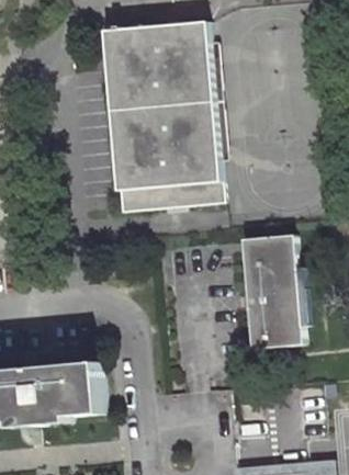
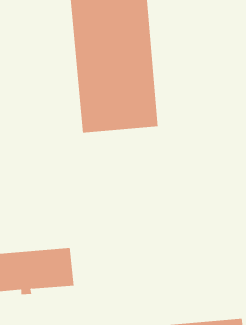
building: [245,235,303,347] -> none

